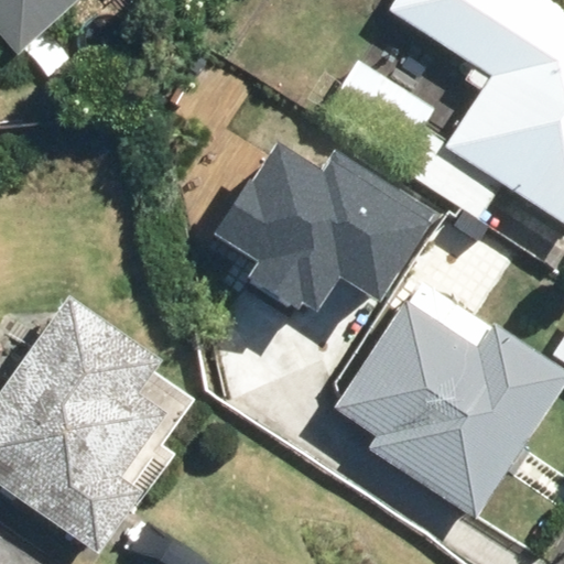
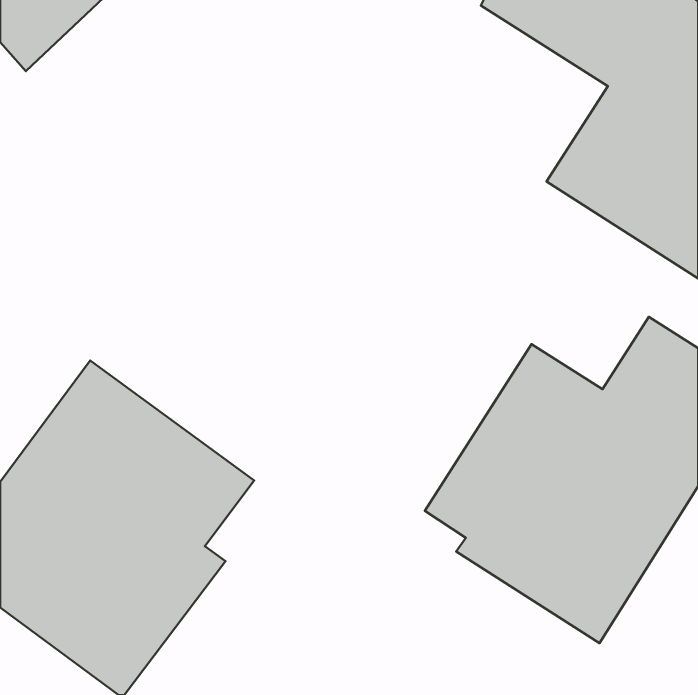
building: [175,126,392,310] -> none

